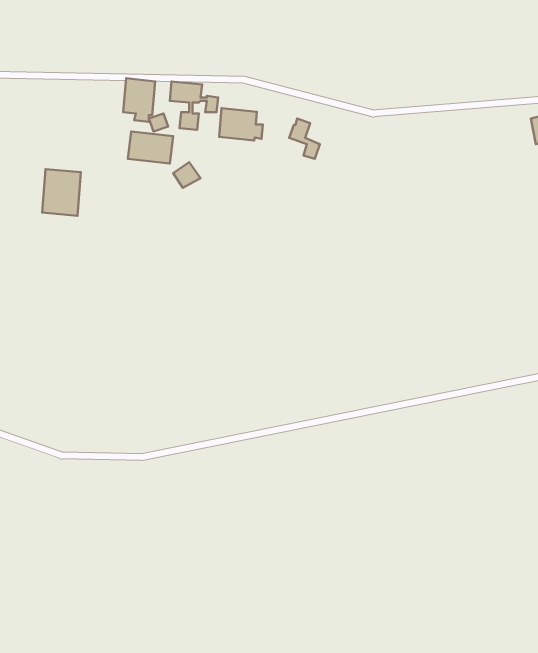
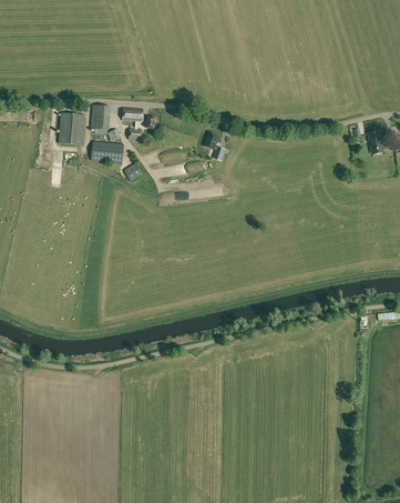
building: [219,108,263,140] -> none
building: [42,169,81,216] -> [59,112,85,144]

